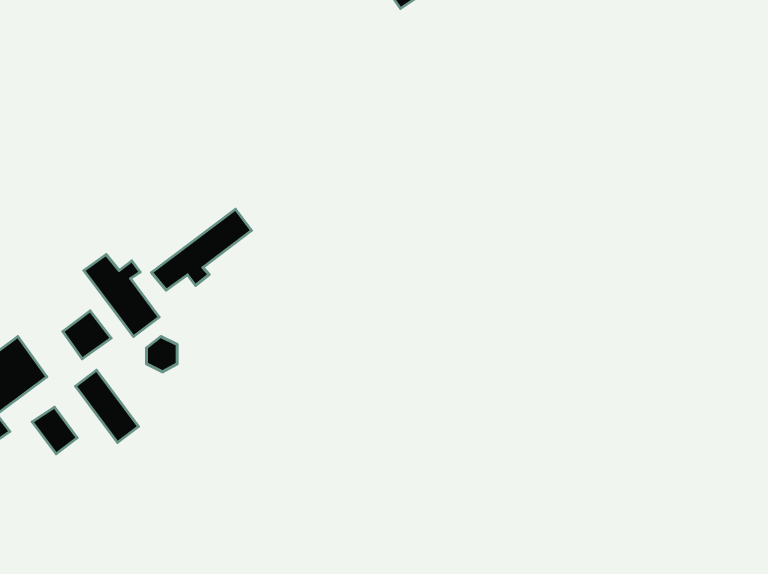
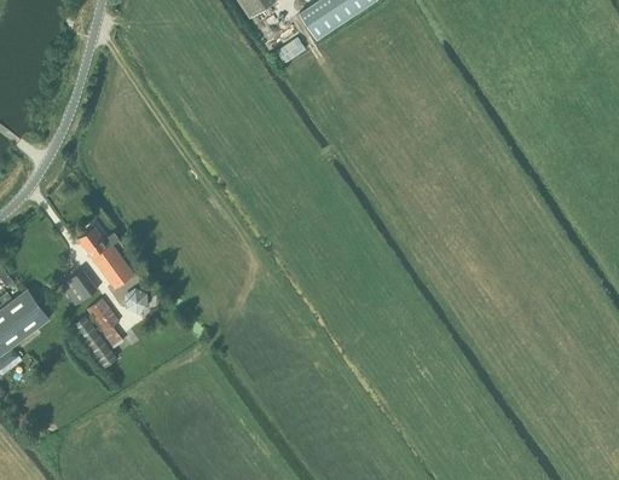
building: [152,209,252,290] -> none
building: [32,407,77,454] -> [86,299,120,334]

